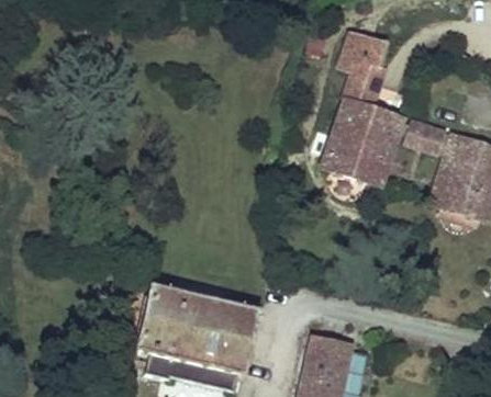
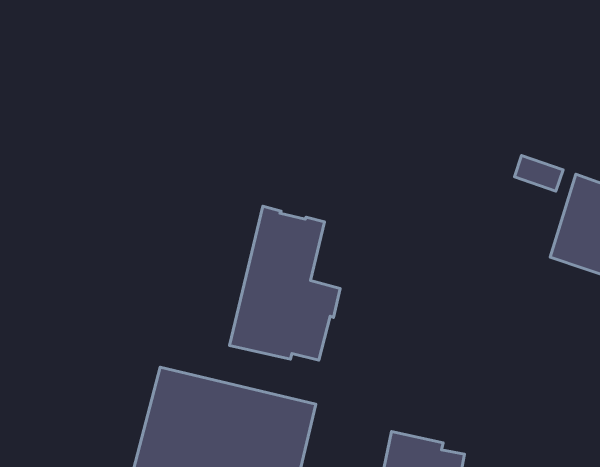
building: [324,22,400,183] -> none
building: none -> [230,206,340,360]

